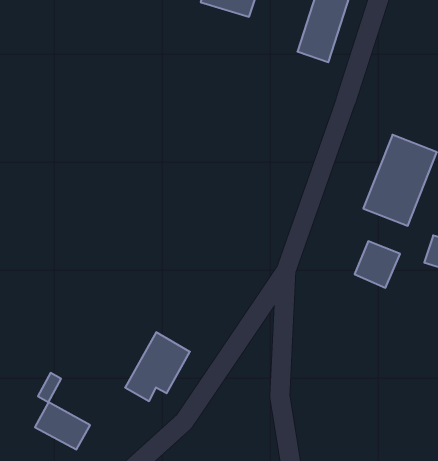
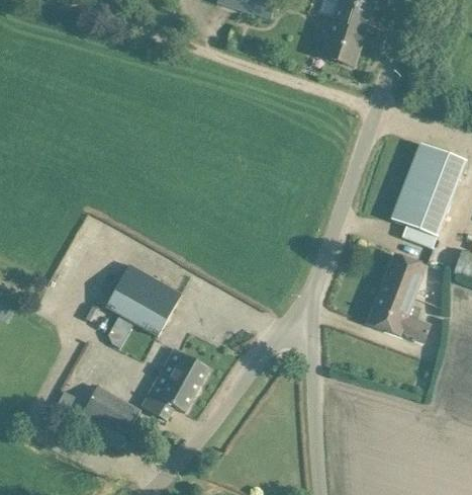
building: none -> [105,263,181,336]
building: none -> [367,287,430,342]
building: [35,402,90,449] -> [82,386,139,435]

